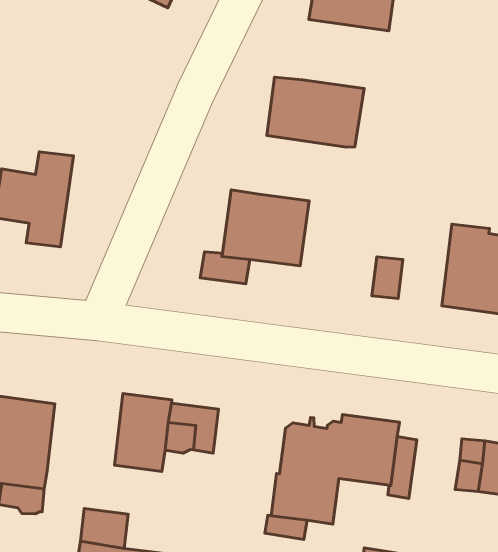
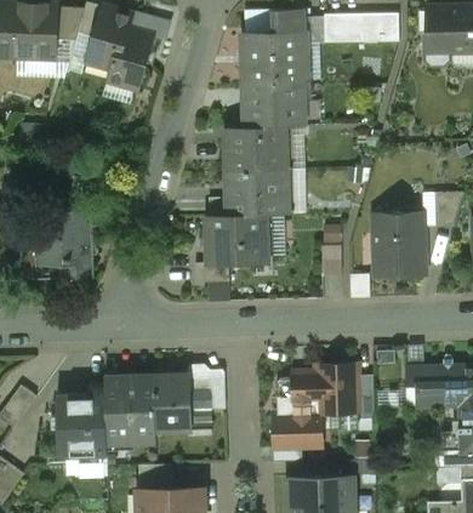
building: none -> [244,80,304,126]
building: none -> [227,170,287,215]
building: none -> [104,376,155,441]

